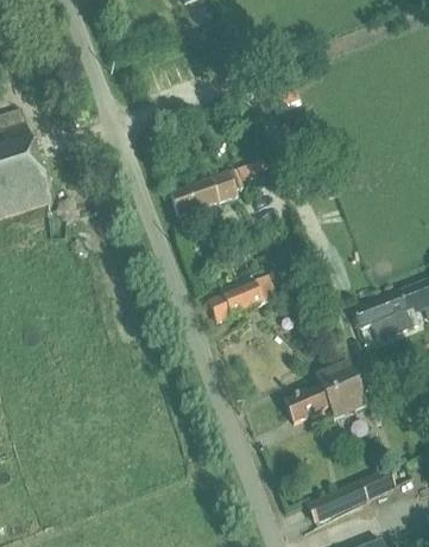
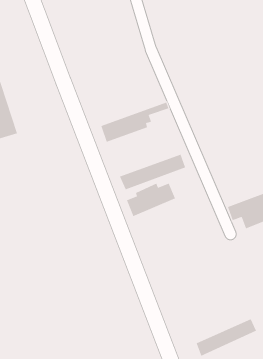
building: none -> [119,154,186,190]
building: [284,362,368,424] -> none

